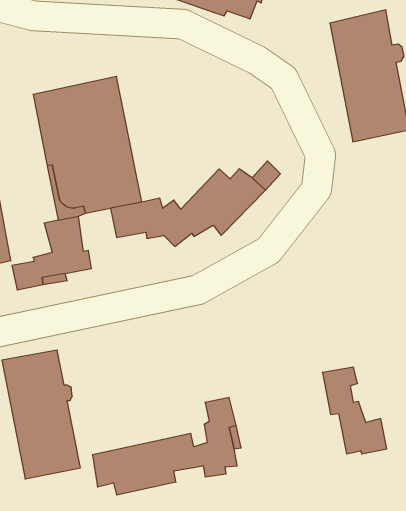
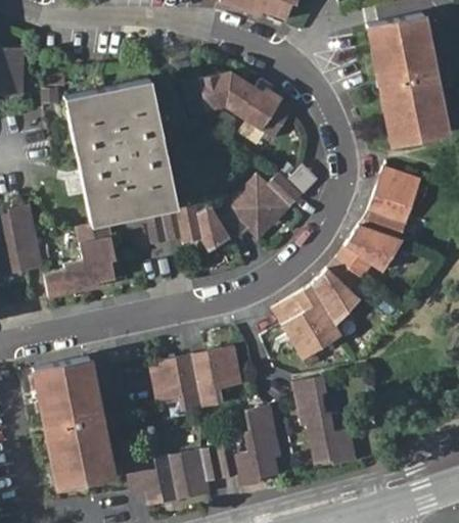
building: none -> [185,70,292,139]
building: none -> [272,167,420,368]
building: none -> [150,344,243,410]
building: [322,367,387,454] -> [292,376,358,464]

